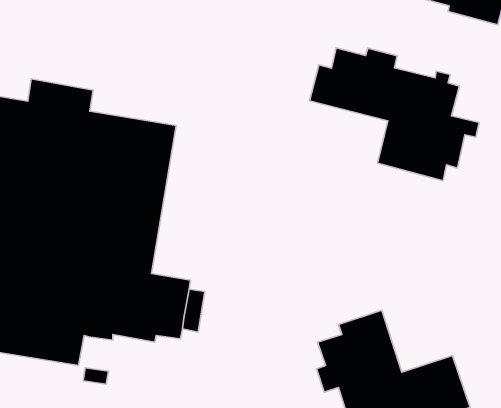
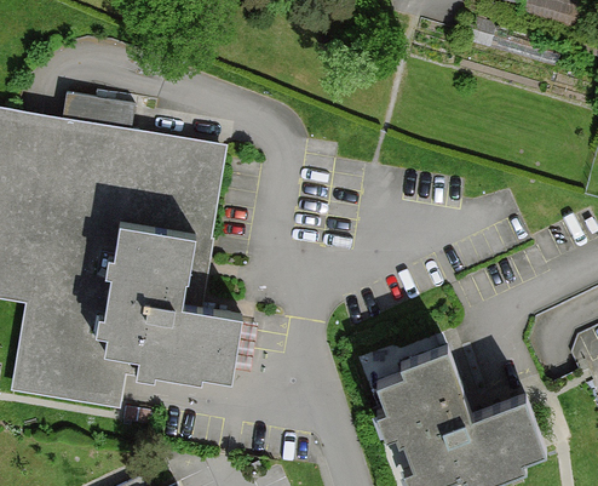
building: [310,48,479,181] -> none

